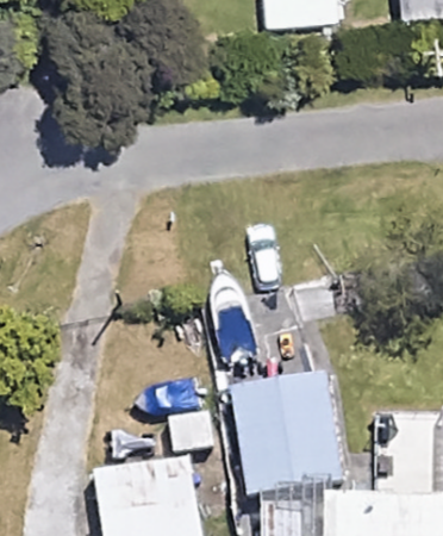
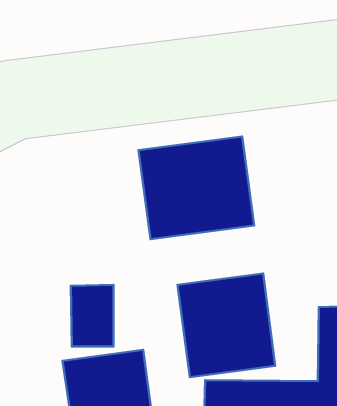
building: none -> [139,136,254,239]

